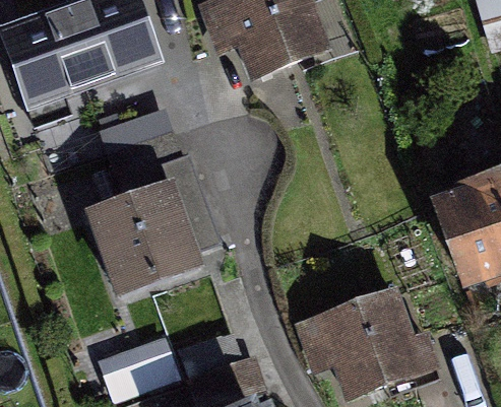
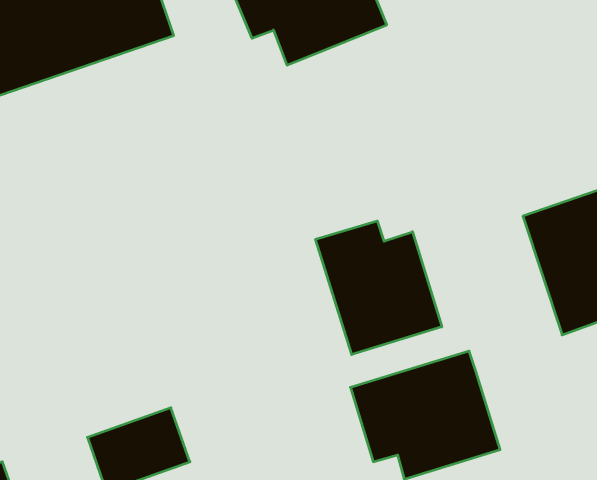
building: [82,176,203,299] -> none
building: none -> [316,221,442,355]

